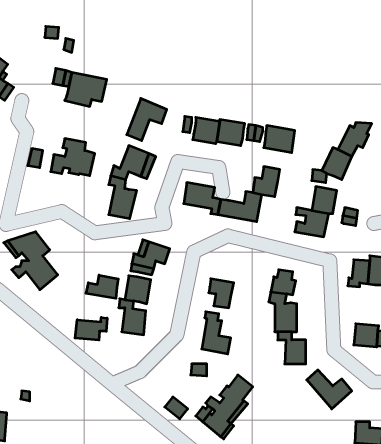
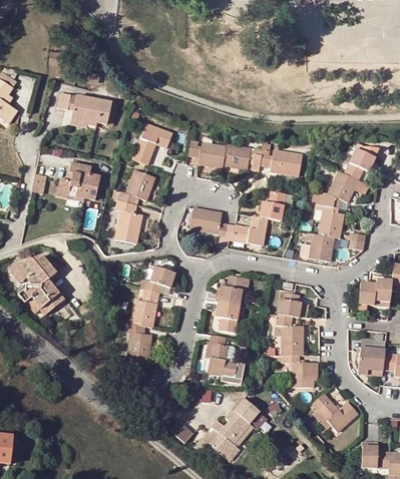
building: none -> [217,277,245,307]
building: [86,275,118,298] -> none
building: [75,317,107,340] -> none

